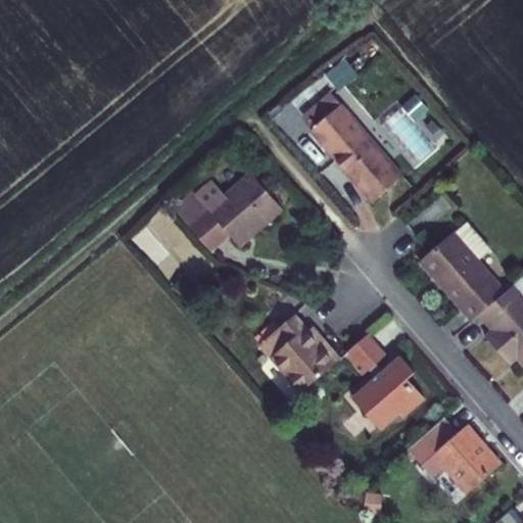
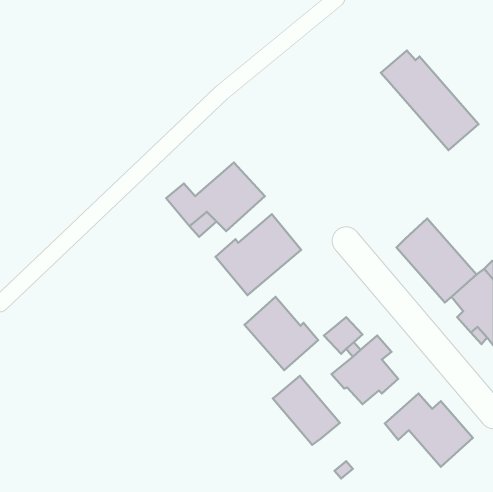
building: [300,96,403,201] -> [381,51,478,150]
building: none -> [216,214,301,295]
building: none -> [273,376,340,445]

